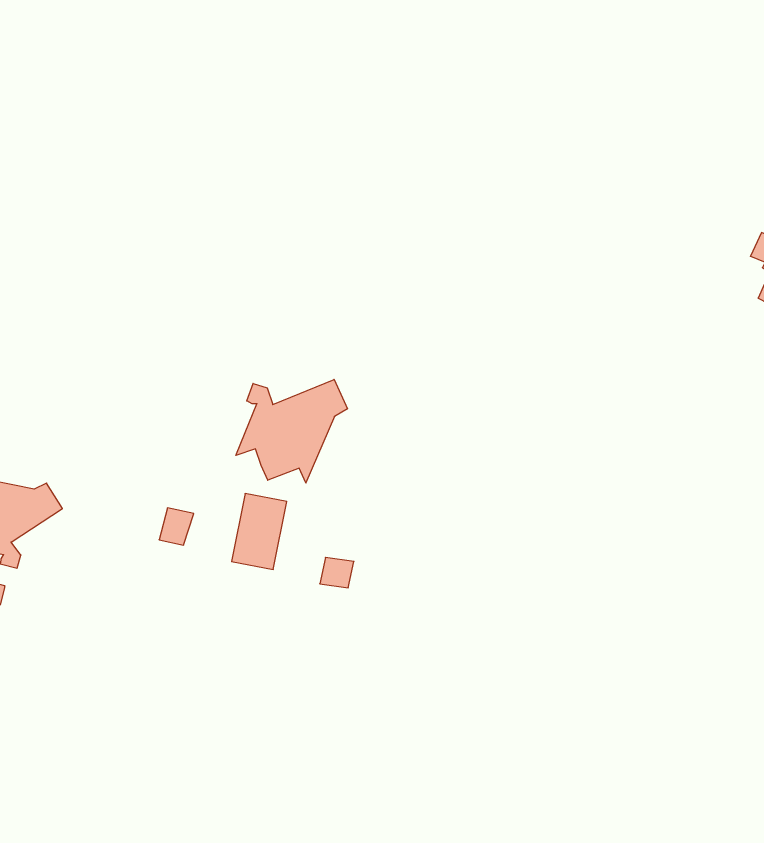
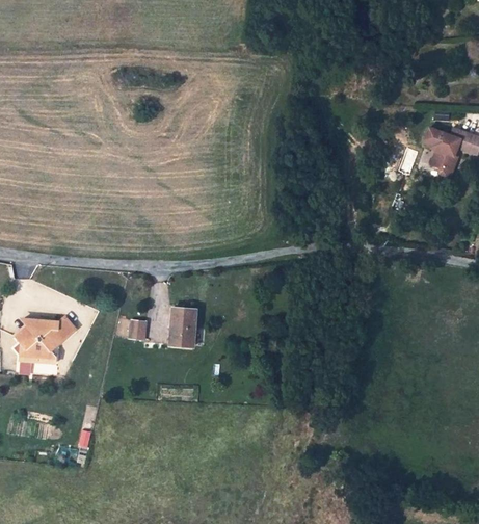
building: [236,379,347,483] -> none

